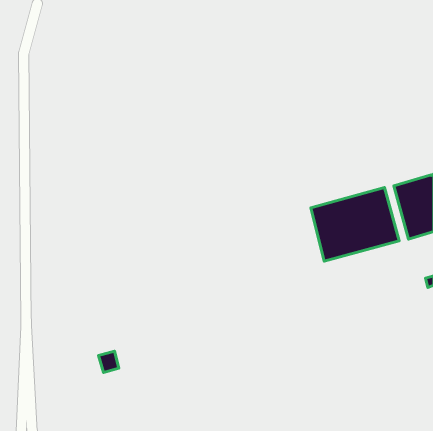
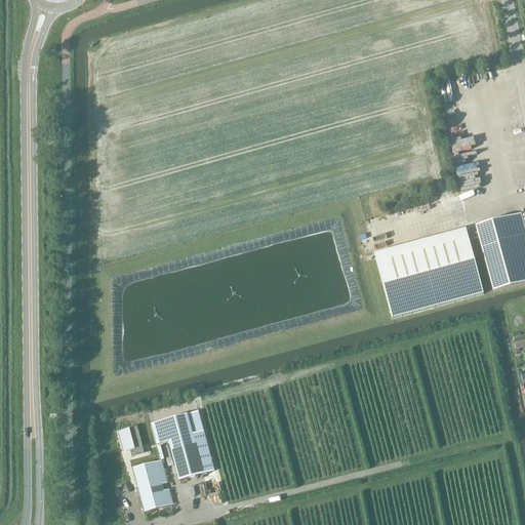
building: none -> [152,407,203,476]
building: none -> [134,458,174,510]

